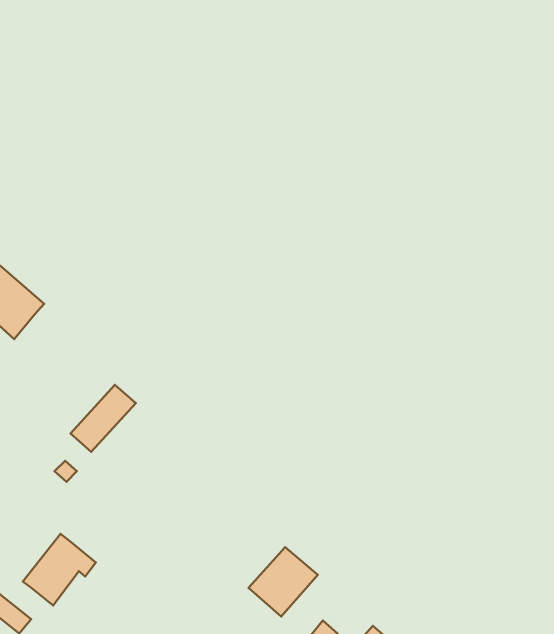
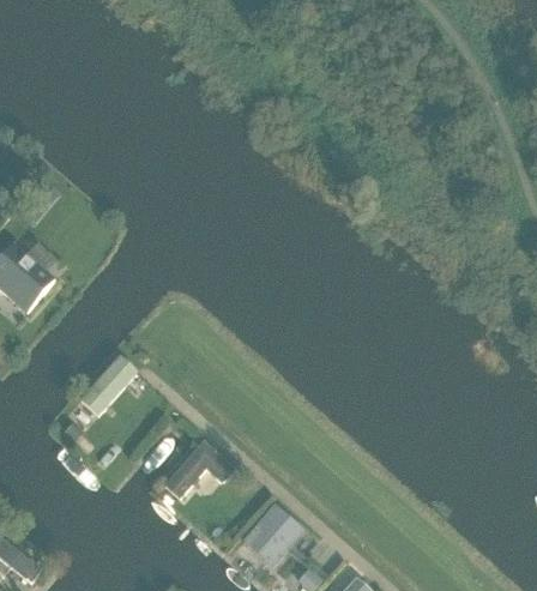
building: none -> [162,439,234,499]
building: [23,534,96,606] -> none

